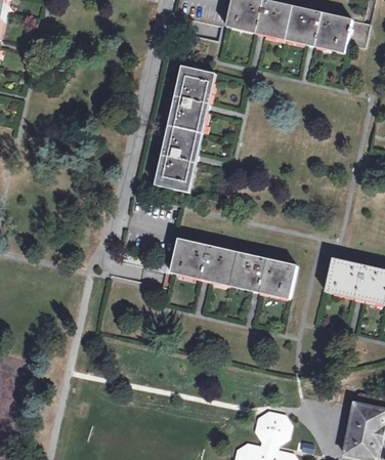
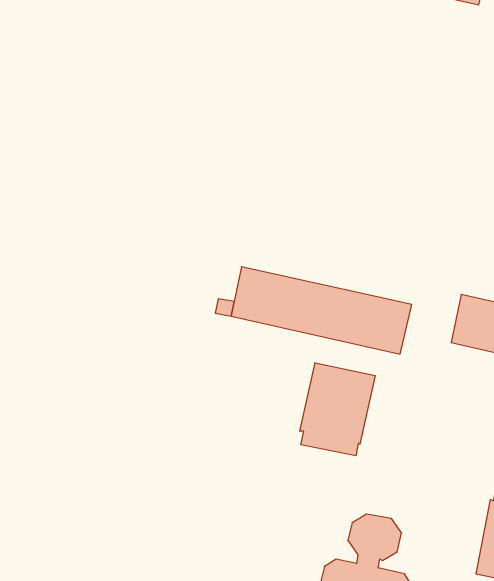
building: [154,65,214,192] -> none
building: none -> [300,363,375,456]

